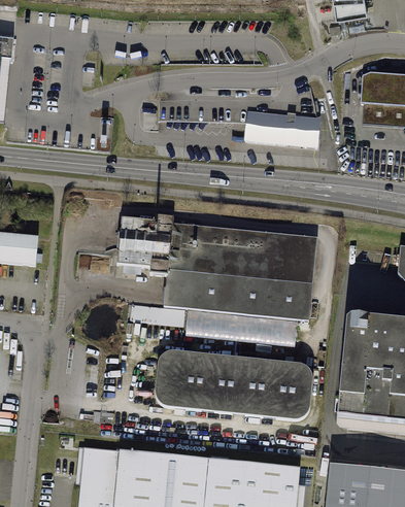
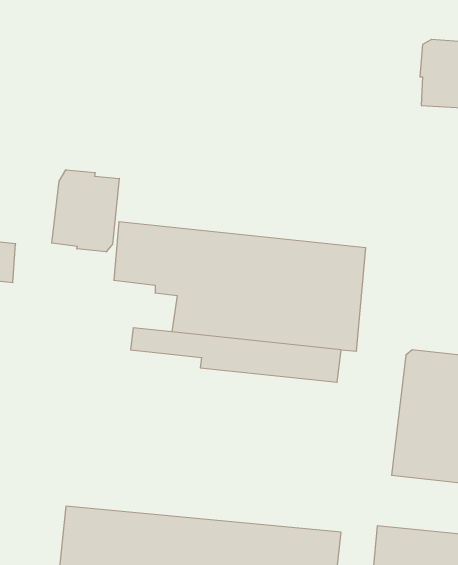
building: [246,109,322,146] -> none
building: none -> [52,170,119,252]
building: [151,351,310,420] -> none

